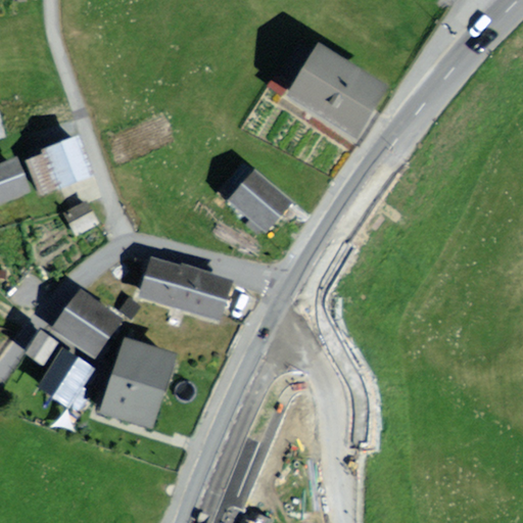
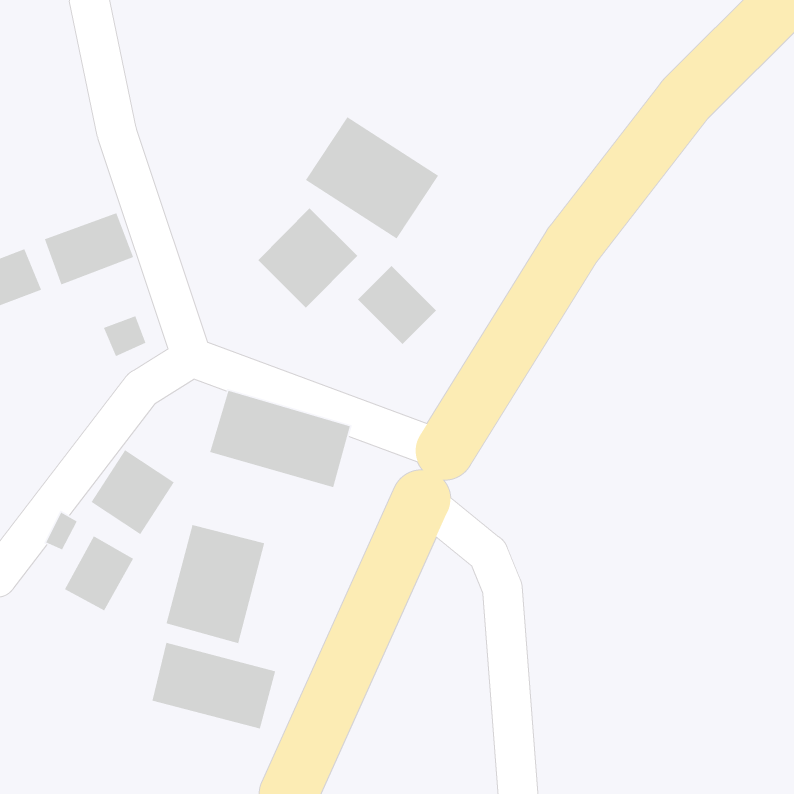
building: [289,49,377,130] -> [305,116,439,240]
building: none -> [258,207,358,309]
building: none -> [152,642,276,729]

